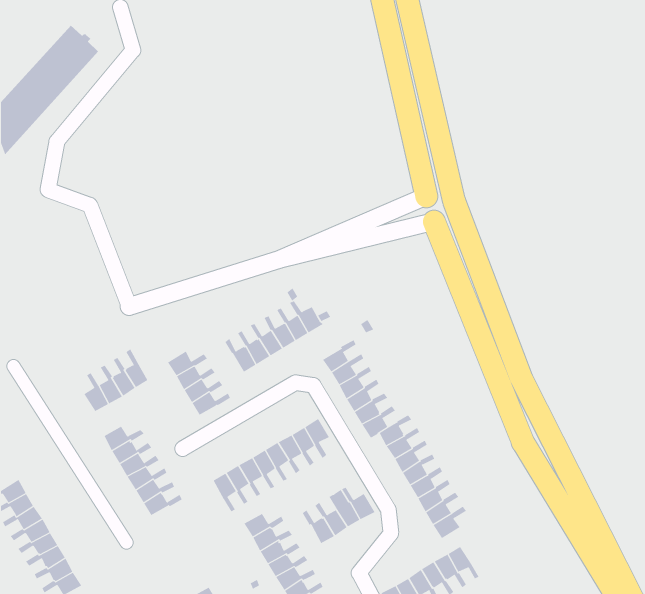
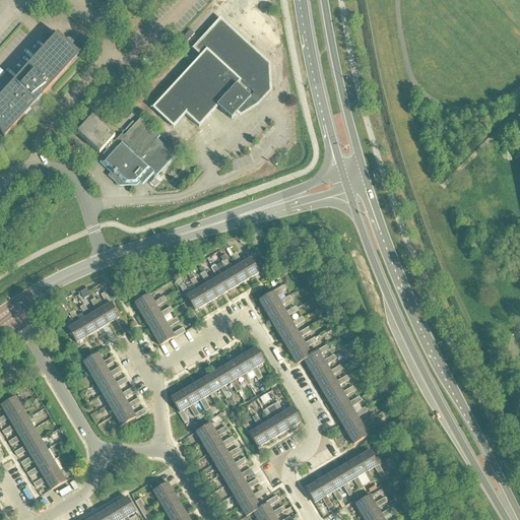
building: none -> [151,18,269,125]
building: none -> [77,114,174,183]

